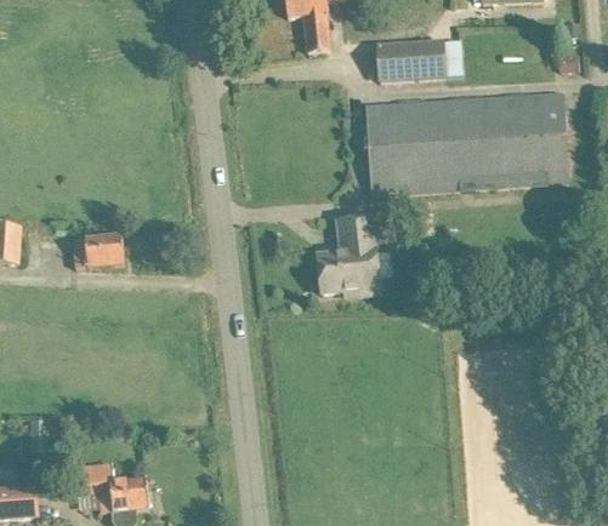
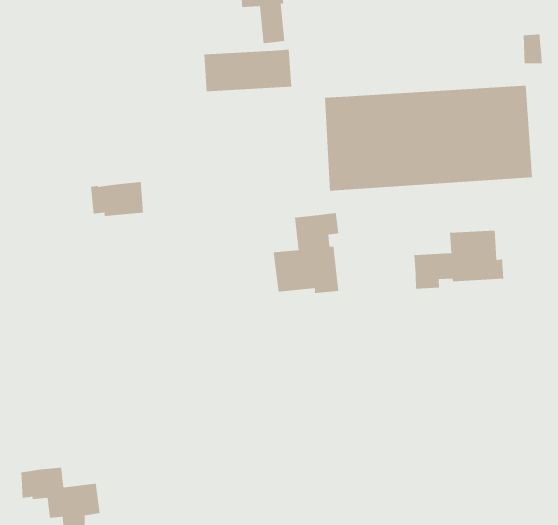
building: [376,40,462,81] -> [203,49,292,92]
building: none -> [414,230,504,289]
building: [70,234,123,268] -> [90,182,144,217]

